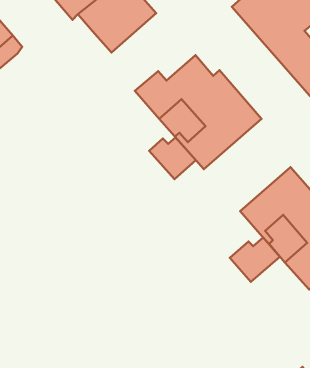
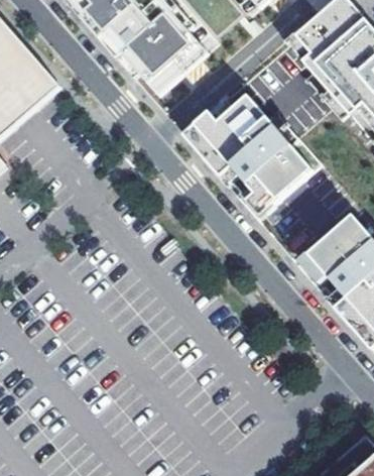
building: [149,137,196,179] -> none
building: [230,238,280,282] -> none

